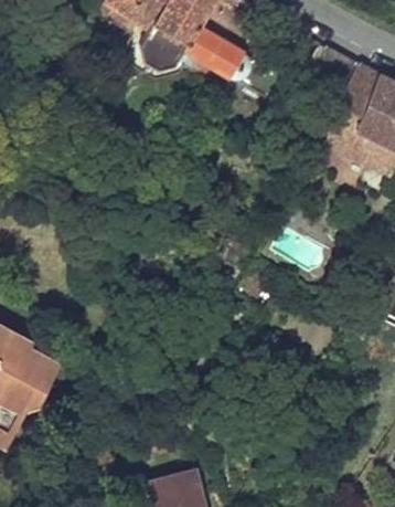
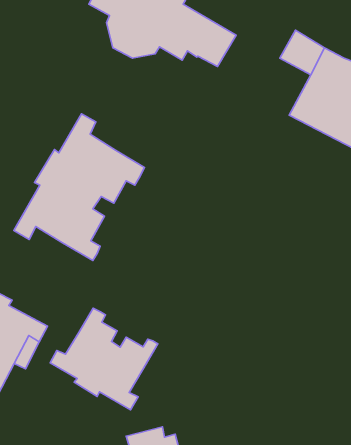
building: none -> [14,114,144,261]
building: none -> [50,308,158,410]

